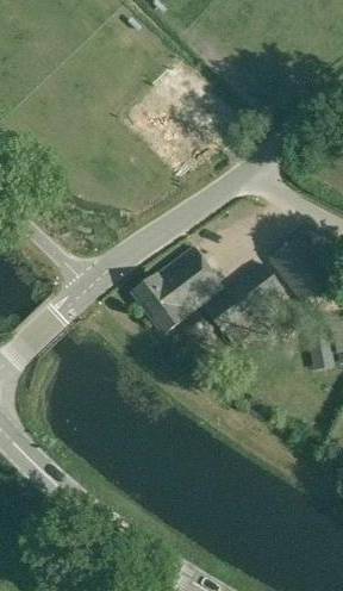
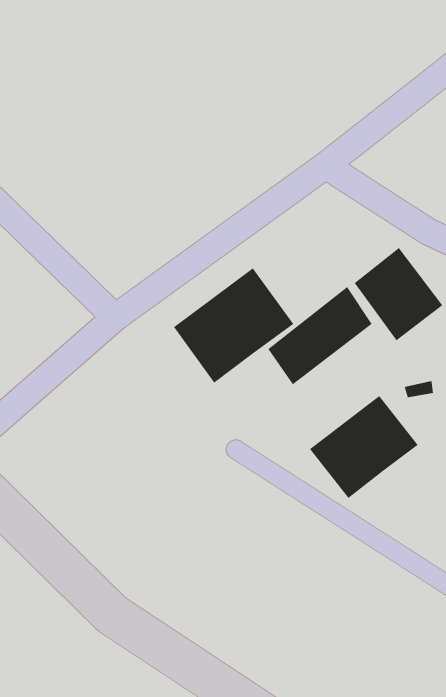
building: none -> [309,395,419,499]

